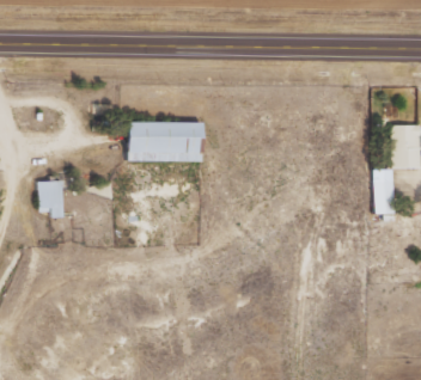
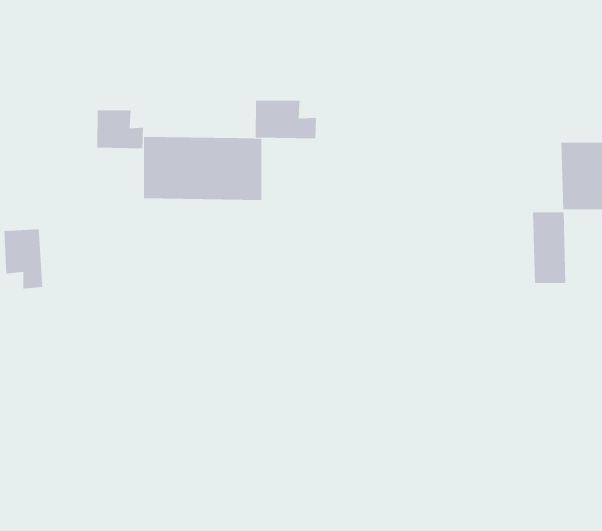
building: none -> [255,100,317,139]
building: none -> [97,109,144,149]

